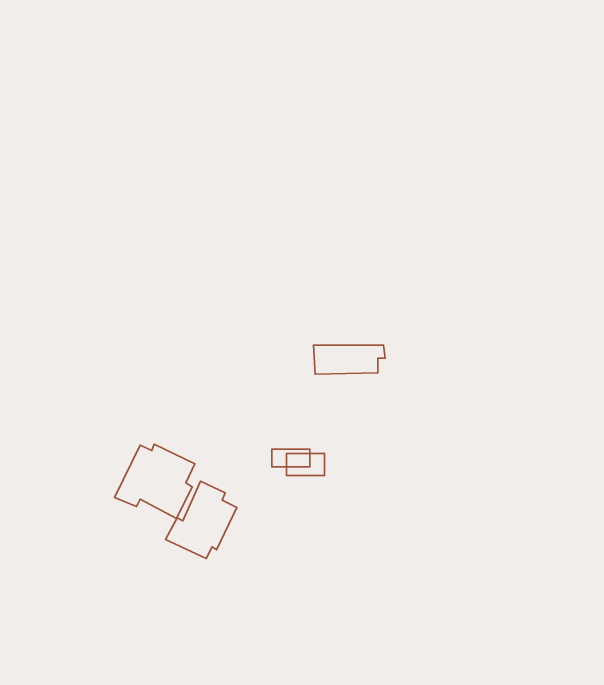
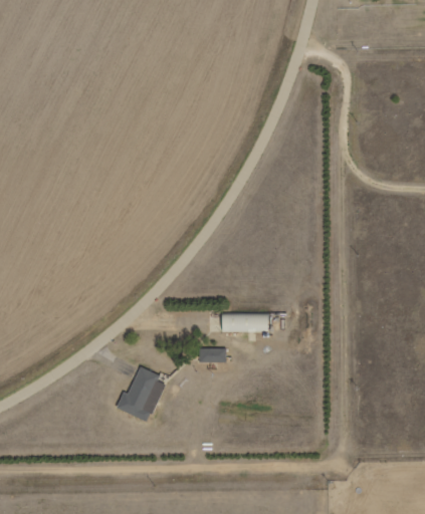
building: [314,345,385,374] -> [220,313,269,333]
building: [114,444,195,519] -> none

